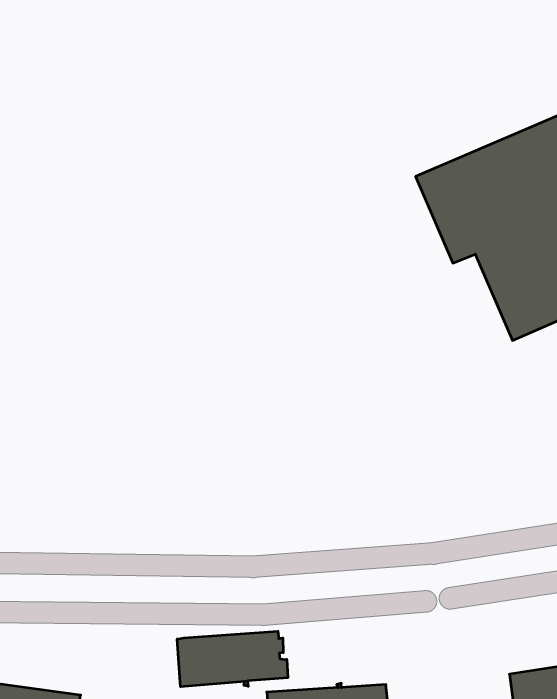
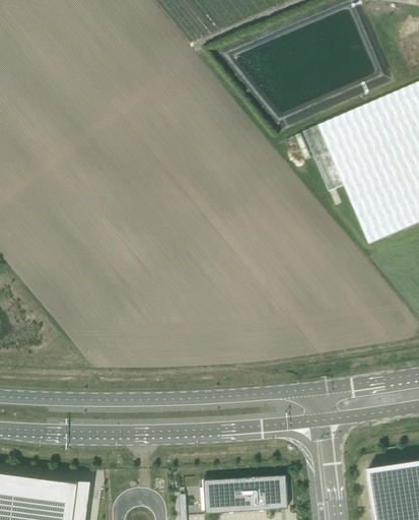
building: [177,631,288,687] -> none

